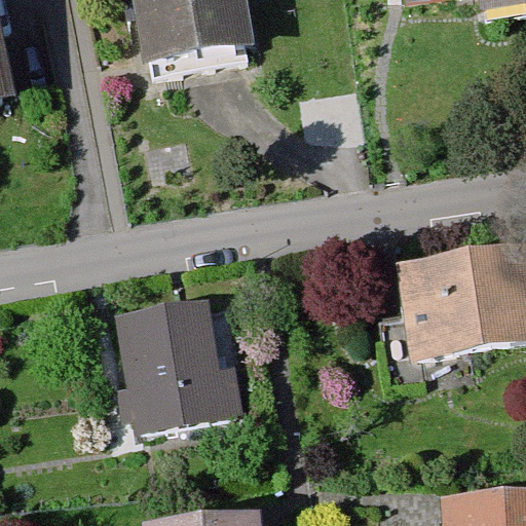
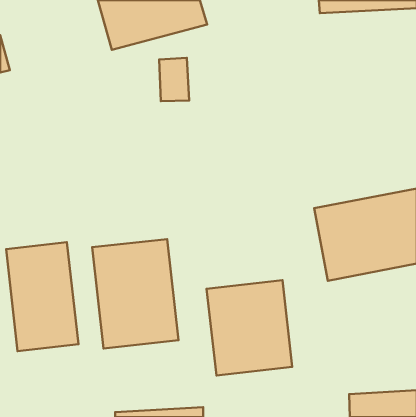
building: none -> [6,242,78,351]
building: none -> [207,280,292,376]

